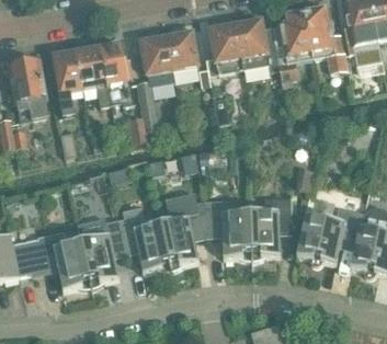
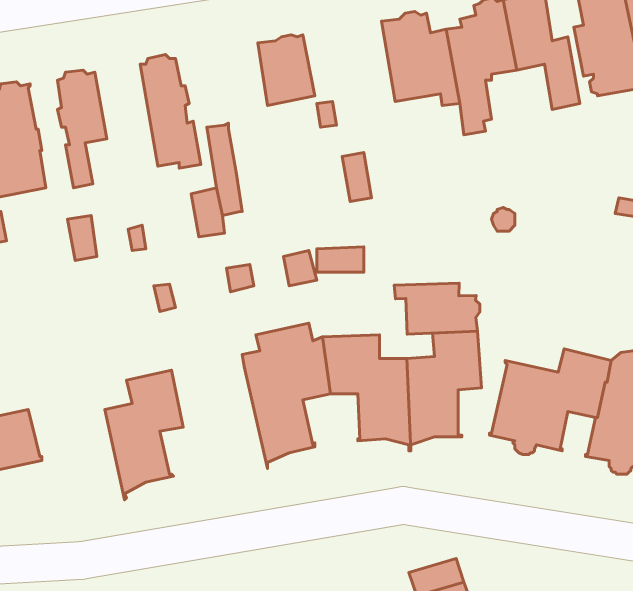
building: [208,22,242,71] -> none
building: [139,34,173,82] -> none
building: [75,45,110,104] -> none
building: none -> [394,283,480,334]
building: [117,205,171,272] -> none
building: [36,229,91,289] -> none

